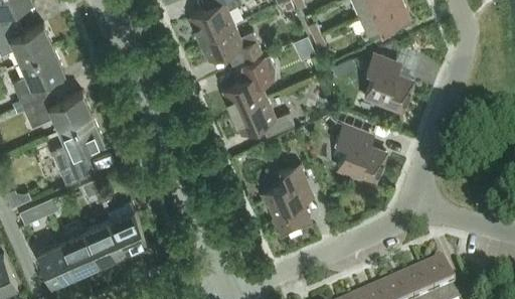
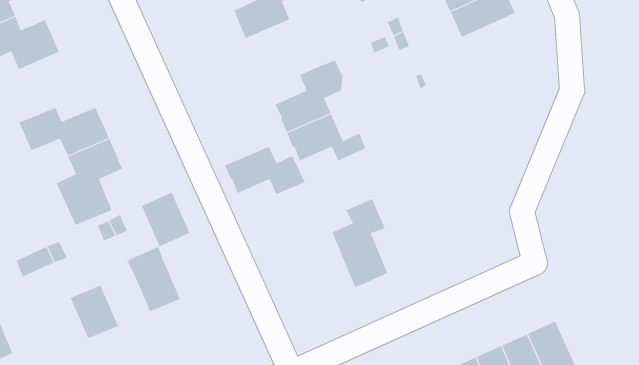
building: [198,24,262,62] -> [224,146,305,195]
building: [12,49,63,105] -> none
building: [363,52,412,112] -> none
building: [333,123,385,183] -> none
building: [85,220,124,264] -> [141,192,190,247]
building: [37,242,75,285] -> none

